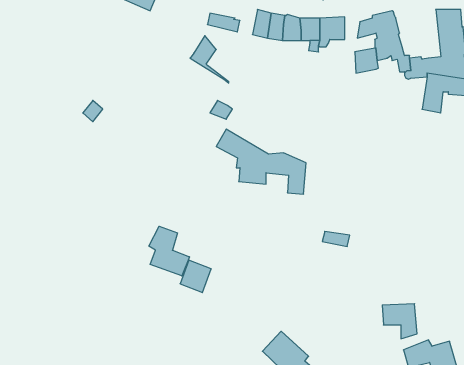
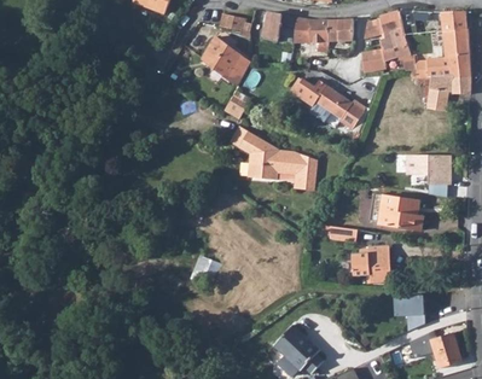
building: none -> [216,36,252,81]
building: none -> [292,80,364,130]
building: none -> [401,153,452,186]
building: none -> [378,194,423,228]
building: [149,226,189,276] -> none
building: none -> [352,243,389,280]

